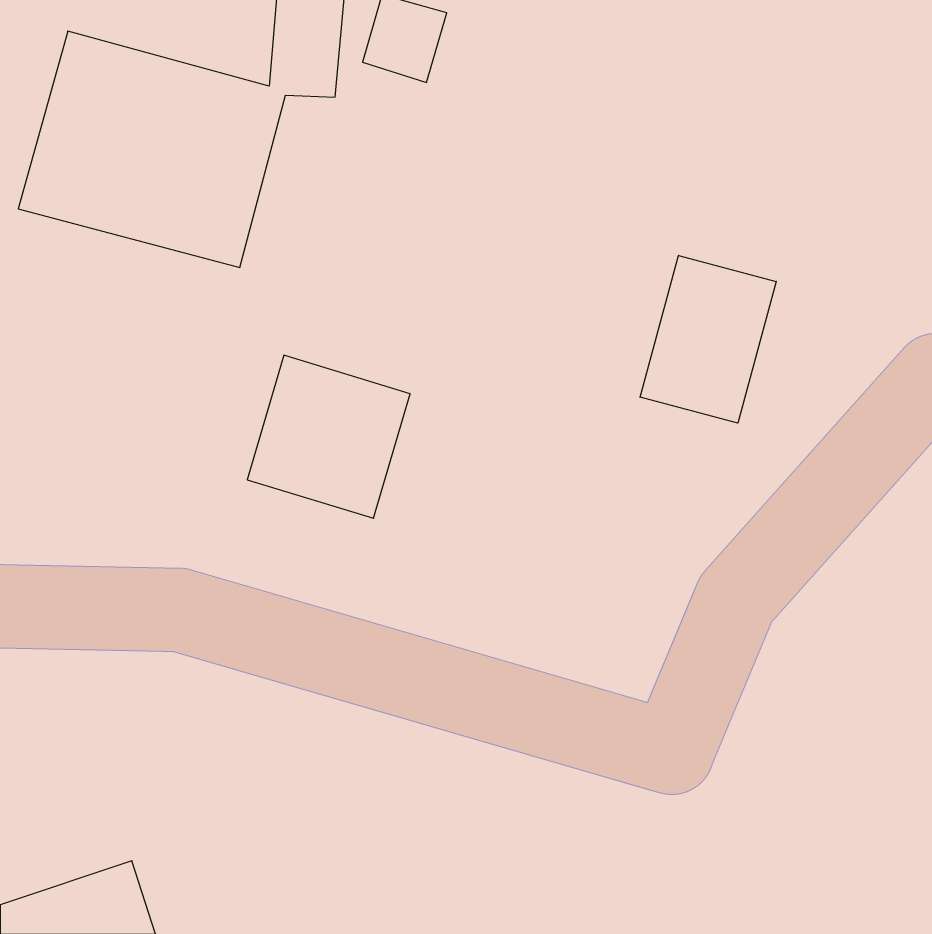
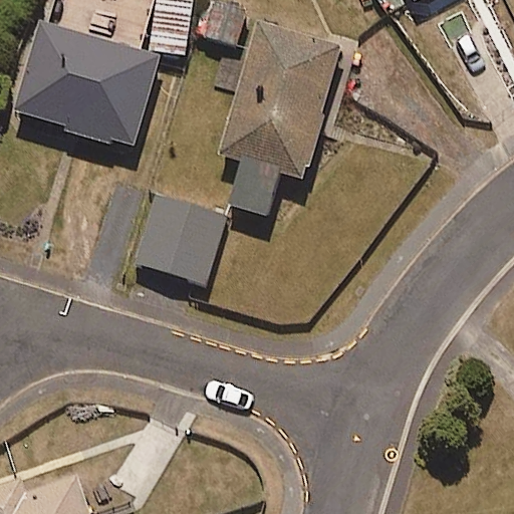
building: none -> [221,22,340,214]
building: [640,255,776,423] -> none

